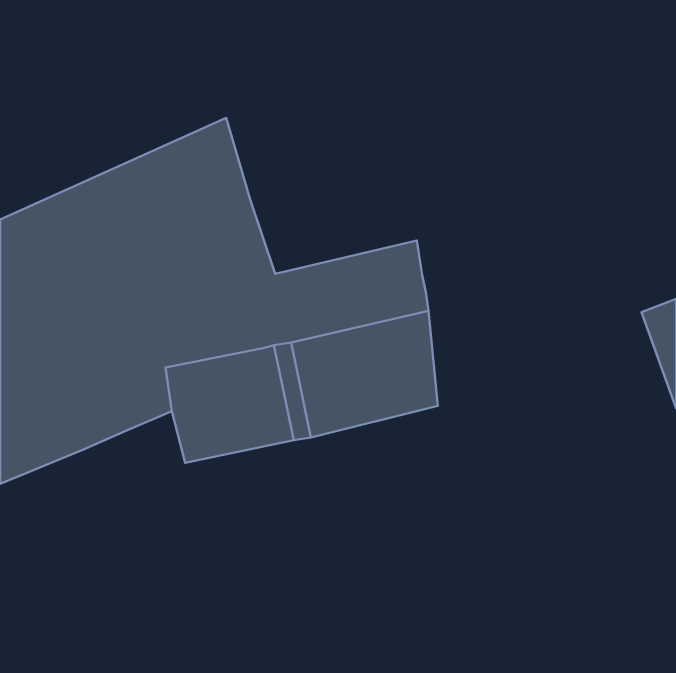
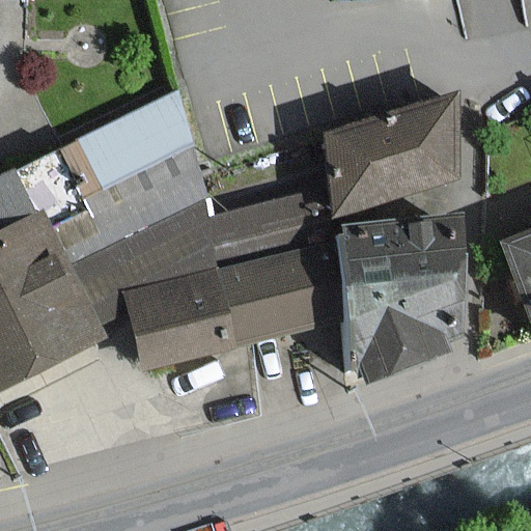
building: none -> [319,95,454,218]
building: none -> [334,217,456,384]

